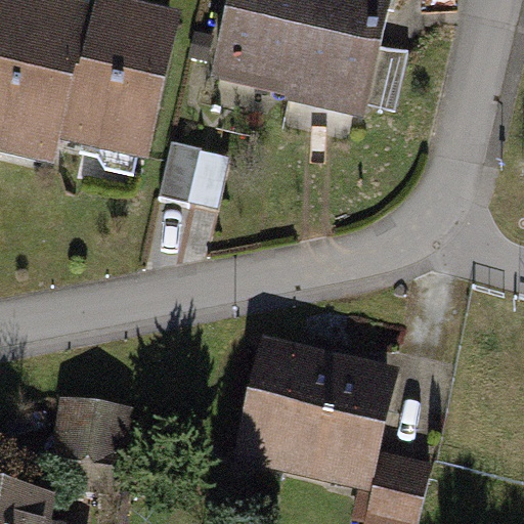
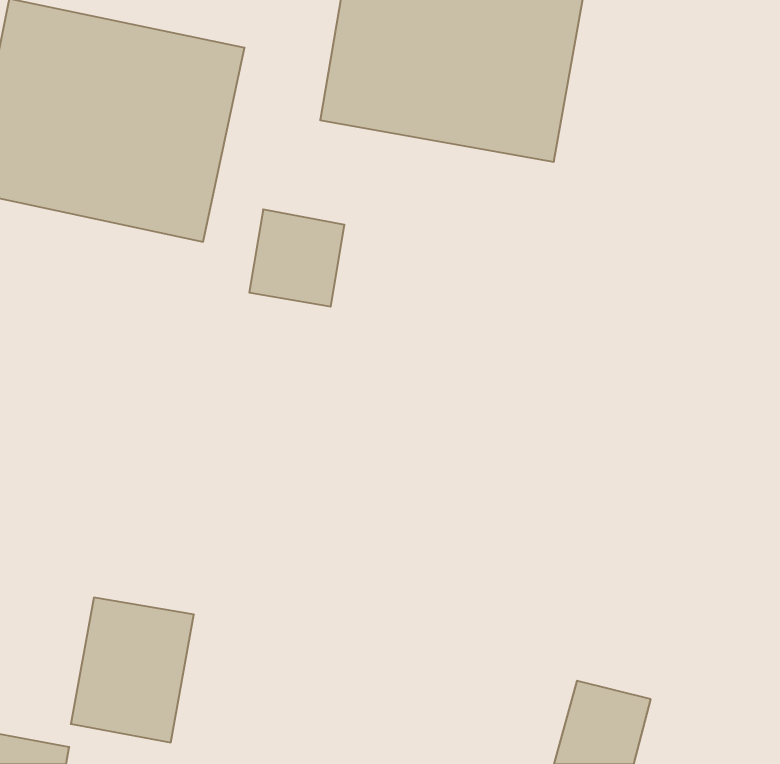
building: [237,341,393,484] -> none

